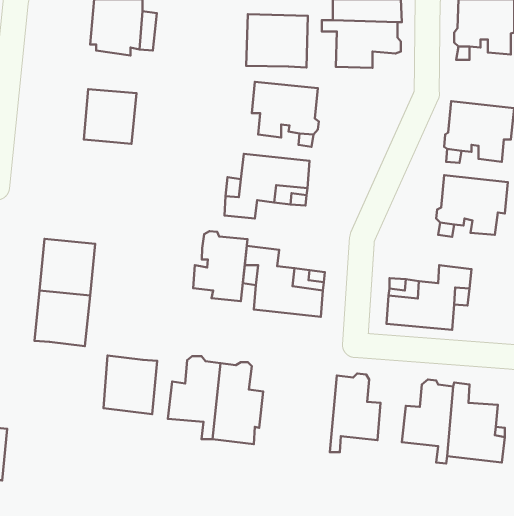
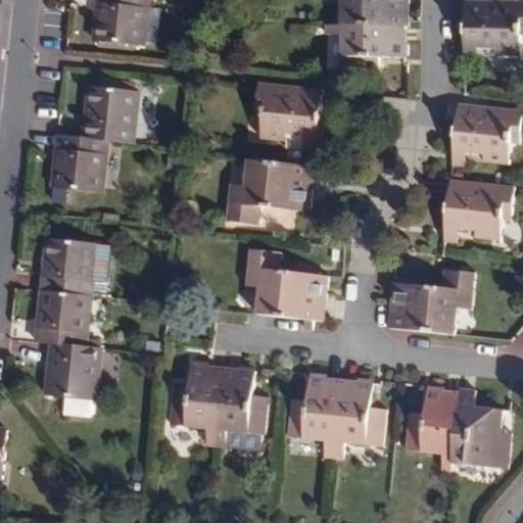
building: [246,14,308,68] -> none
building: none -> [51,138,107,198]
building: [193,231,248,301] -> none
building: [103,356,157,414] -> [46,345,100,405]
building: none -> [288,372,340,457]

